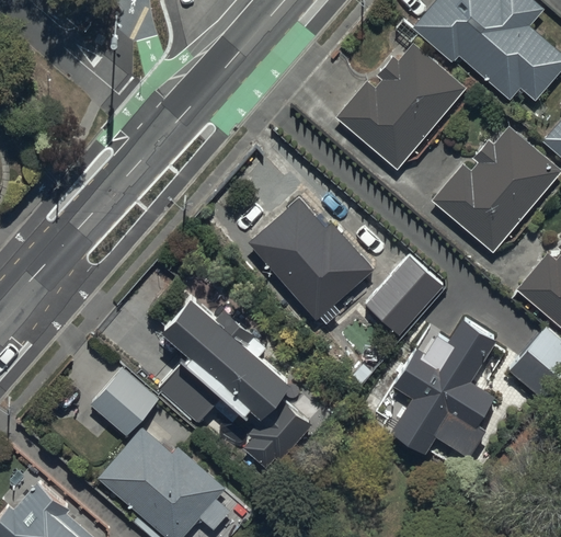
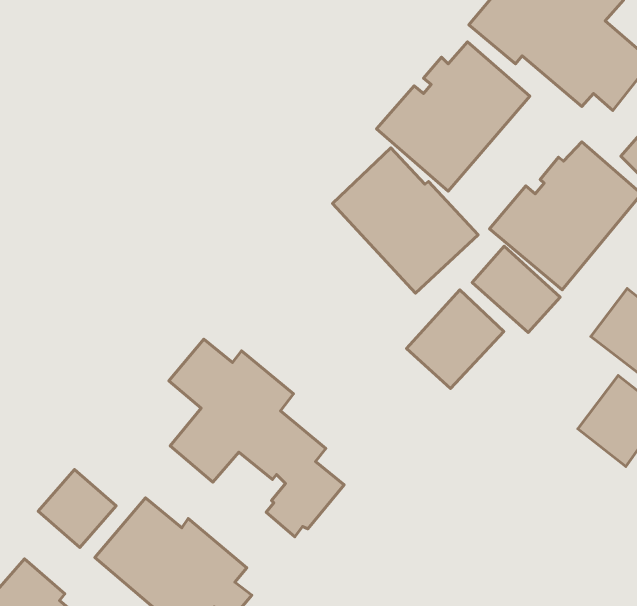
building: [250,197,373,320] -> [333,148,478,293]
building: none -> [472,246,560,332]
building: [389,320,500,459] -> none
building: [92,368,158,434] -> [38,469,116,547]

